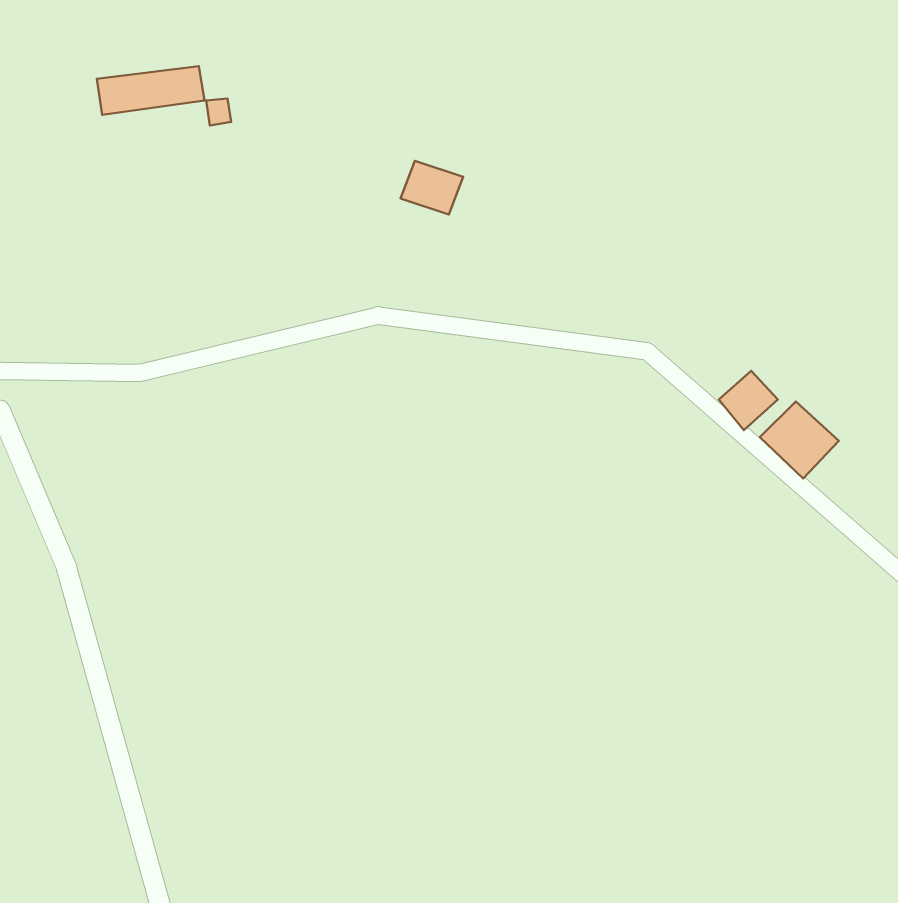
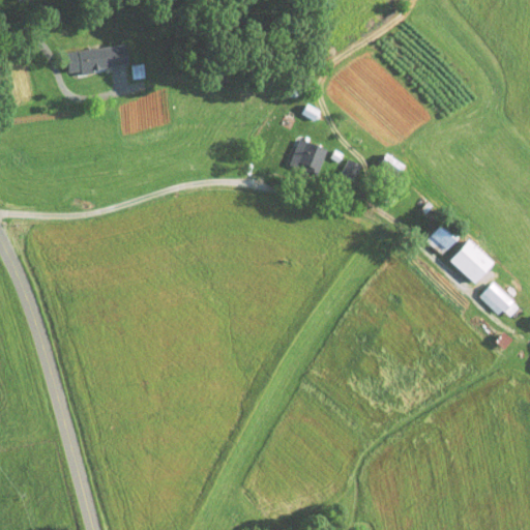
building: [401,161,463,215] -> [290,139,326,170]
building: none -> [477,282,518,317]

